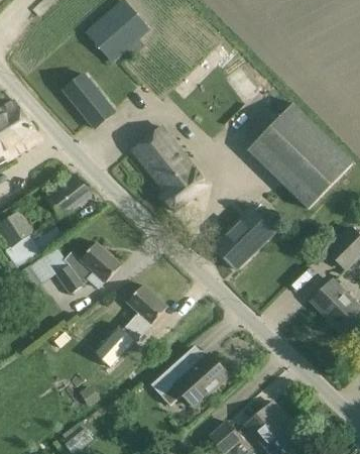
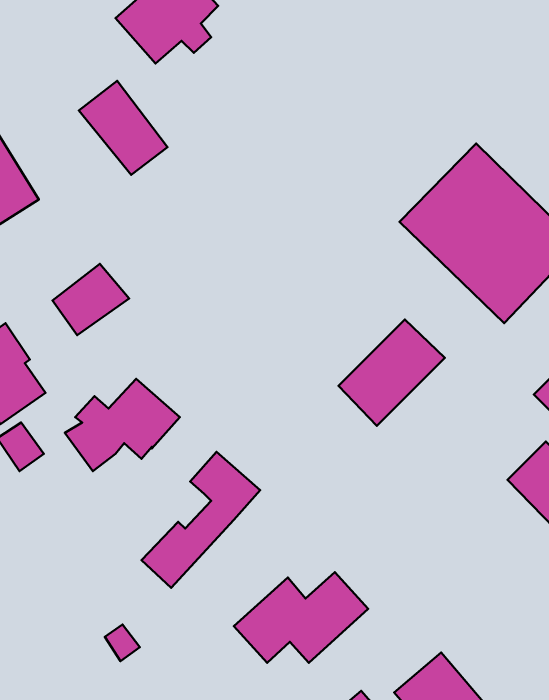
building: [132,126,207,210] -> none

